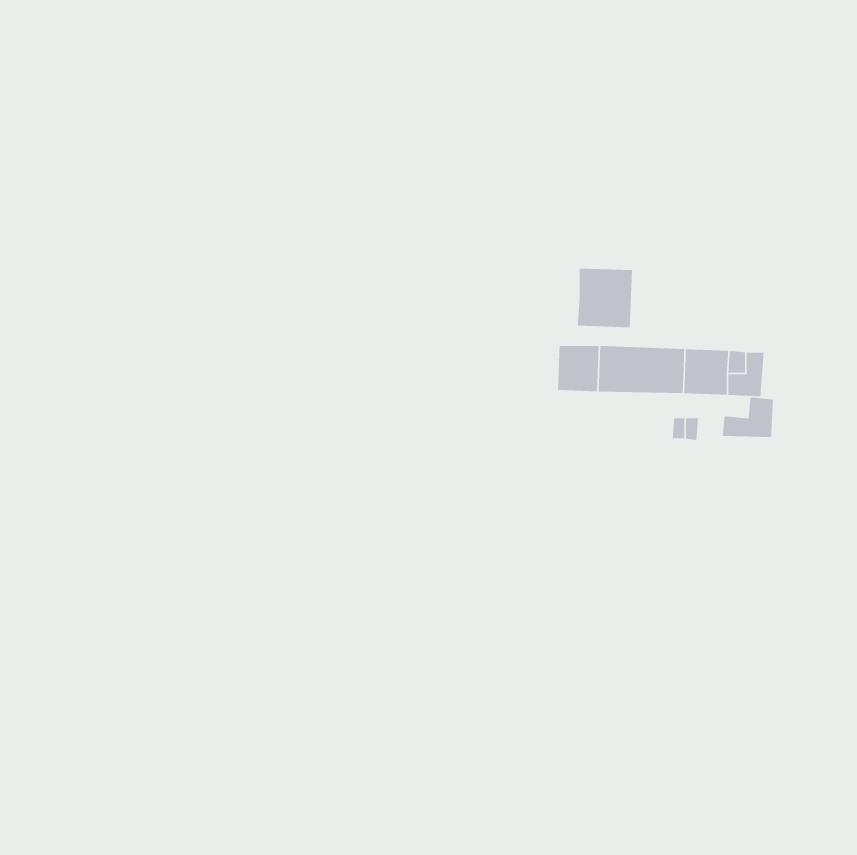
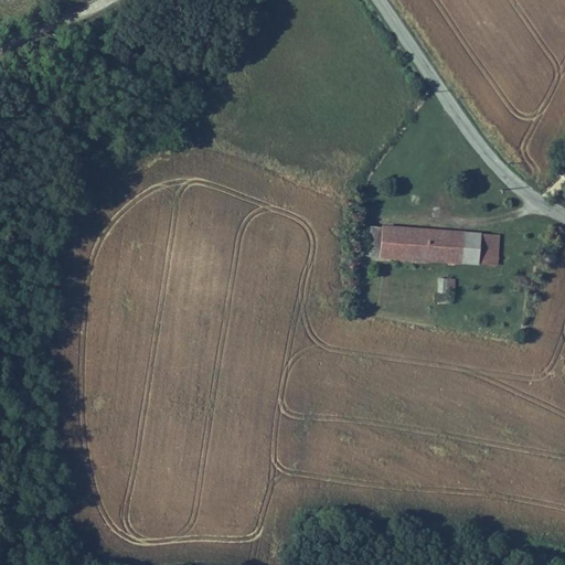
building: [577,268,633,328] -> none
building: [722,397,774,438] -> none

